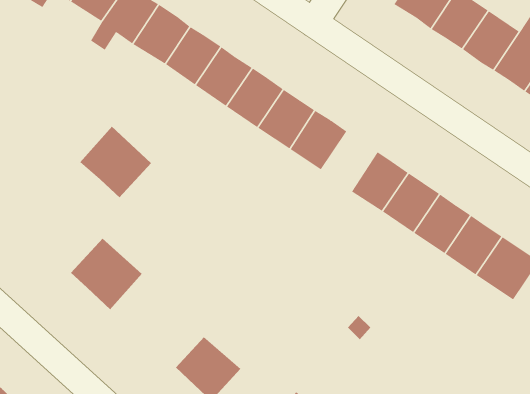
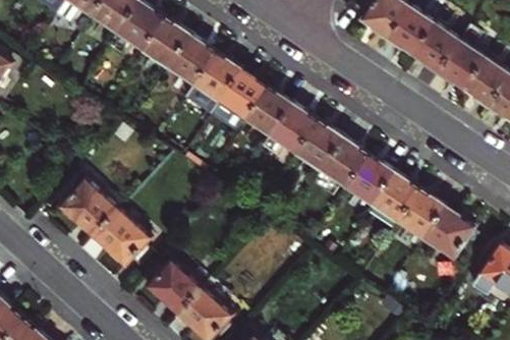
building: [80,126,152,198] -> [60,177,119,236]
building: none -> [297,121,343,170]
building: none -> [148,260,202,314]

